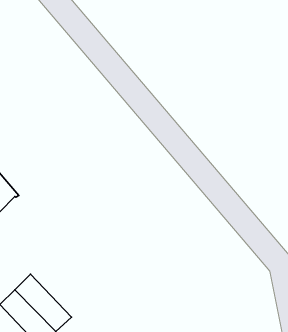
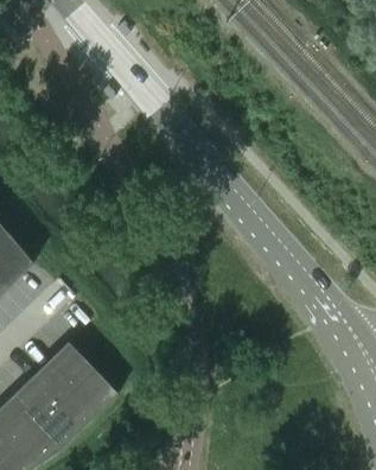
building: none -> [49,341,119,412]

